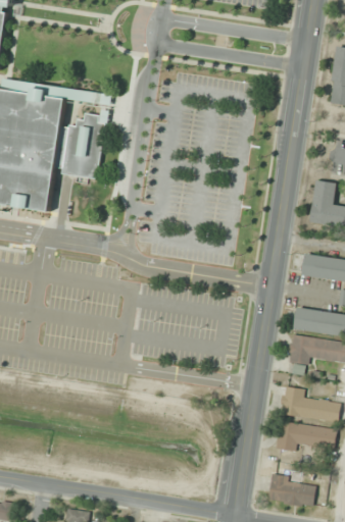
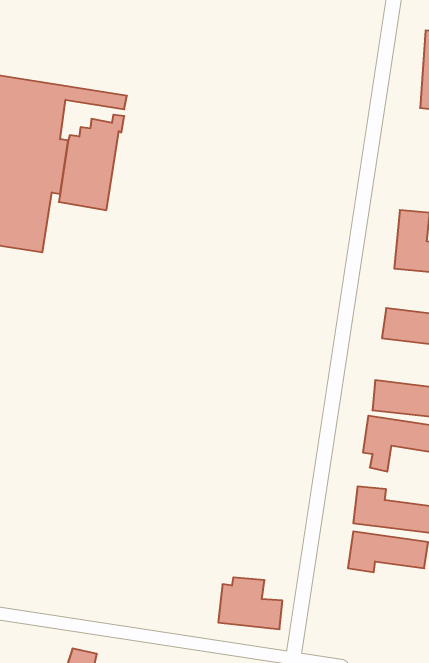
building: [267,468,315,507] -> [218,577,282,629]

